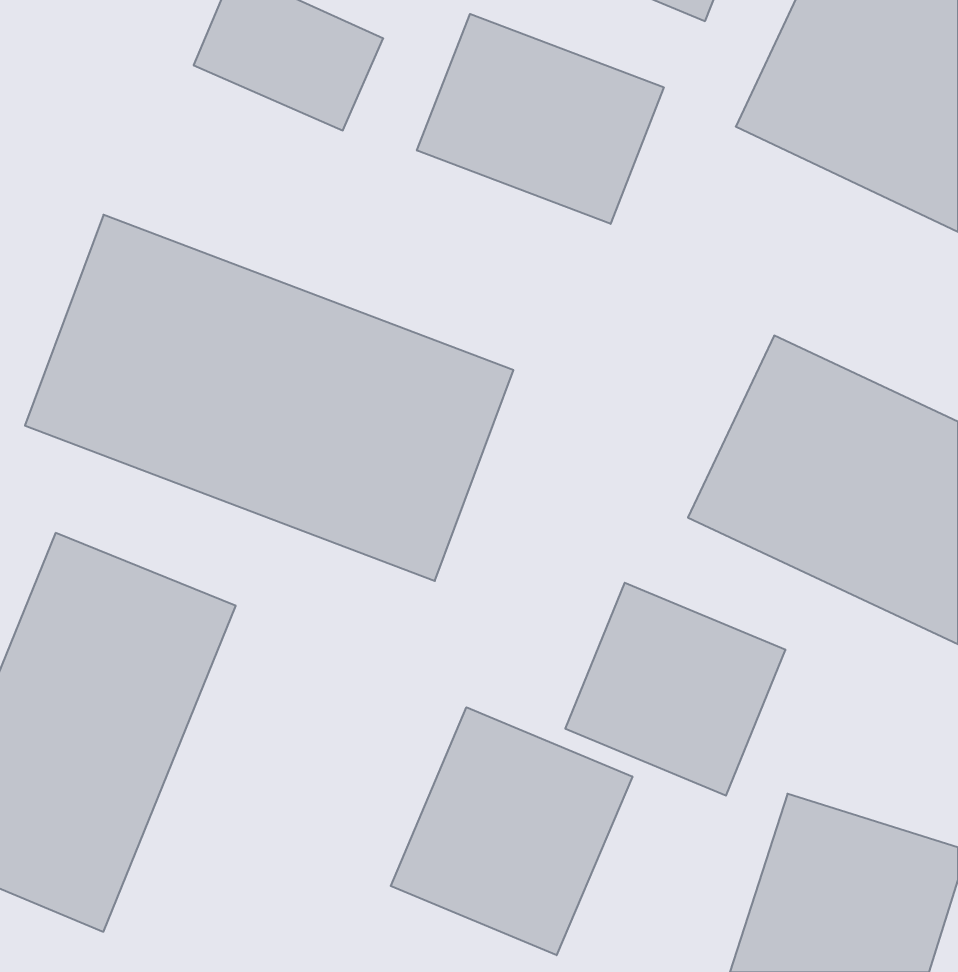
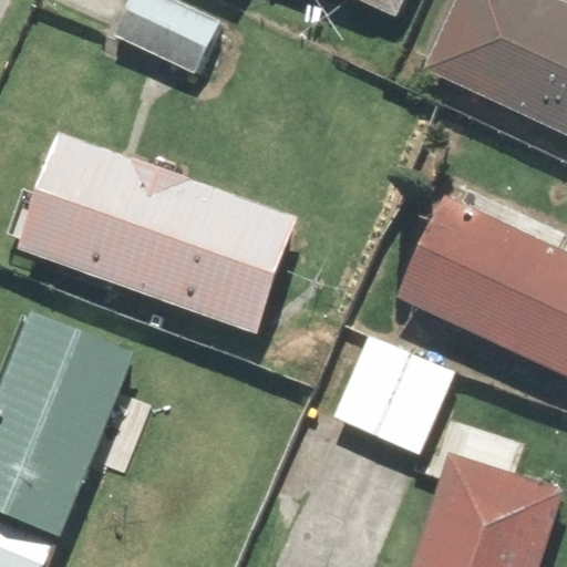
building: [417,14,664,224] -> none
building: [391,707,632,955] -> none

